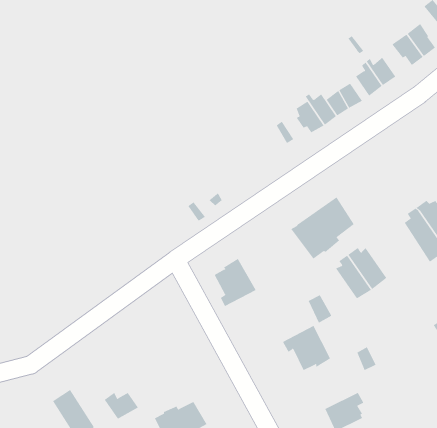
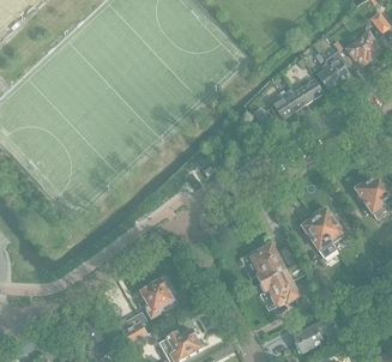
building: [291,196,354,260] -> none
building: [214,258,257,307] -> [252,245,285,283]
building: none -> [138,277,174,318]

